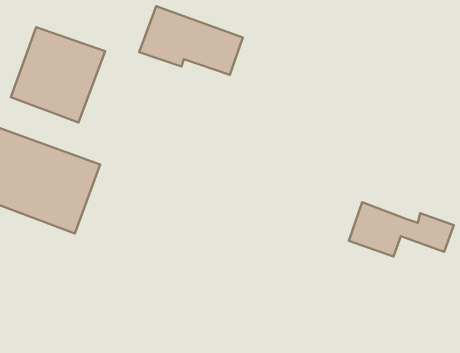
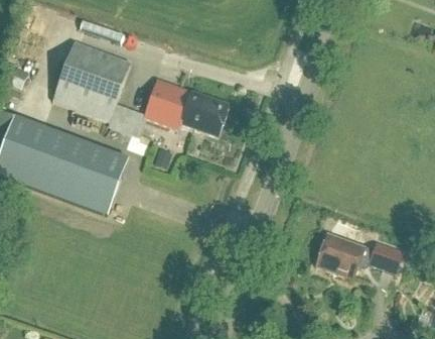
building: [139,6,243,75] -> [142,78,229,135]
building: [349,202,454,257] -> [315,233,403,278]

